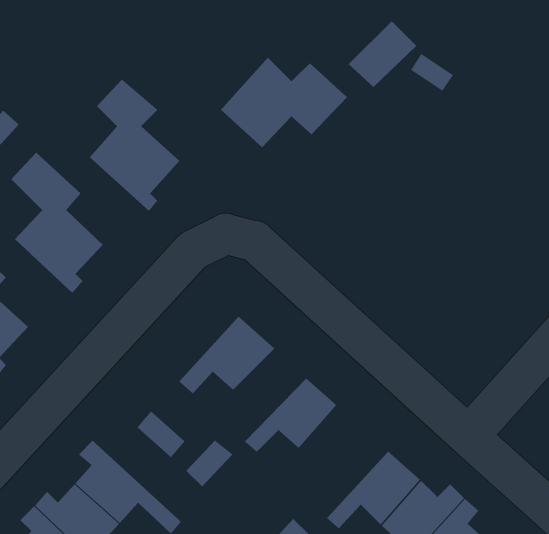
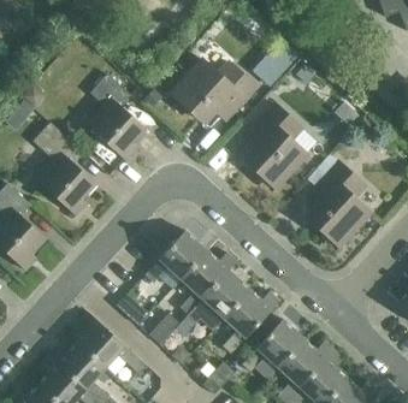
building: none -> [247,105,307,188]
building: none -> [312,164,371,245]
building: none -> [179,253,237,314]
building: none -> [223,290,279,355]

